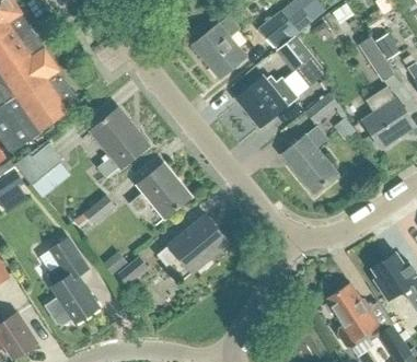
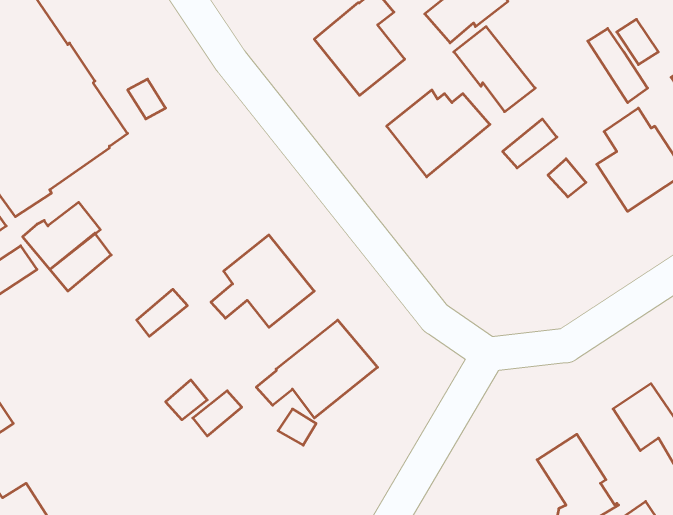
building: [90,107,150,177] -> none
building: [281,135,337,194] -> none
building: [43,238,99,325] -> none

